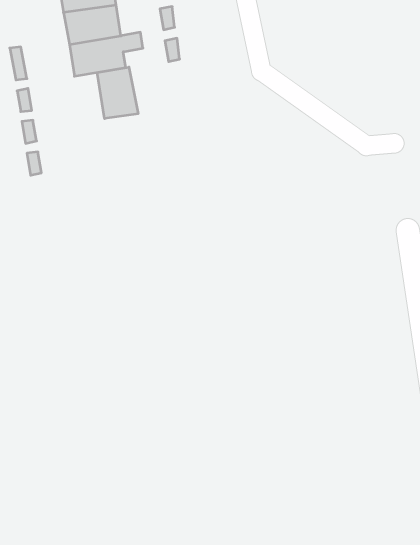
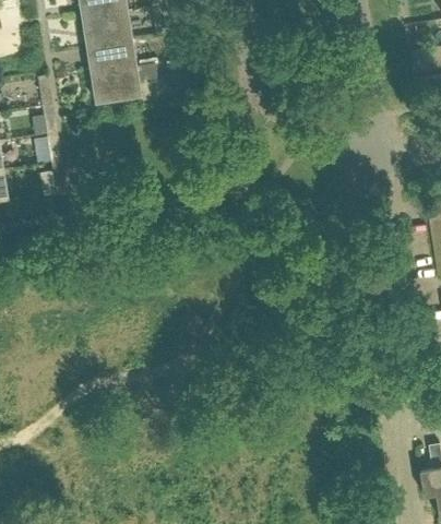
building: [97,67,138,119] -> none

